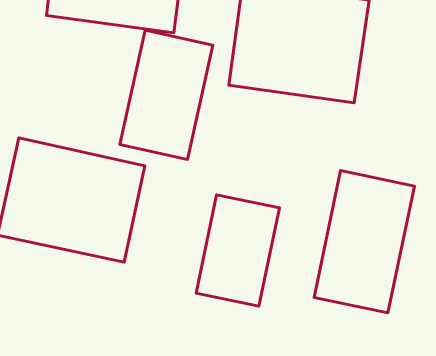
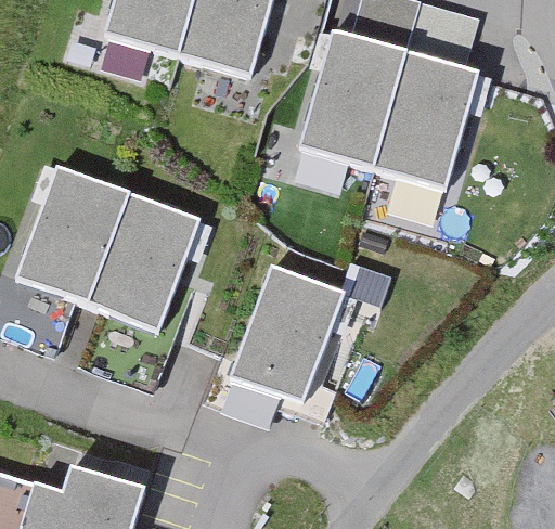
building: [120,30,213,159] -> none
building: [314,171,414,313] -> none

